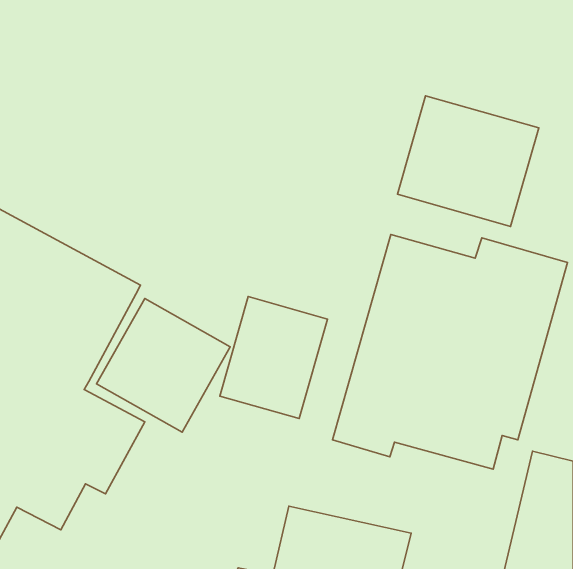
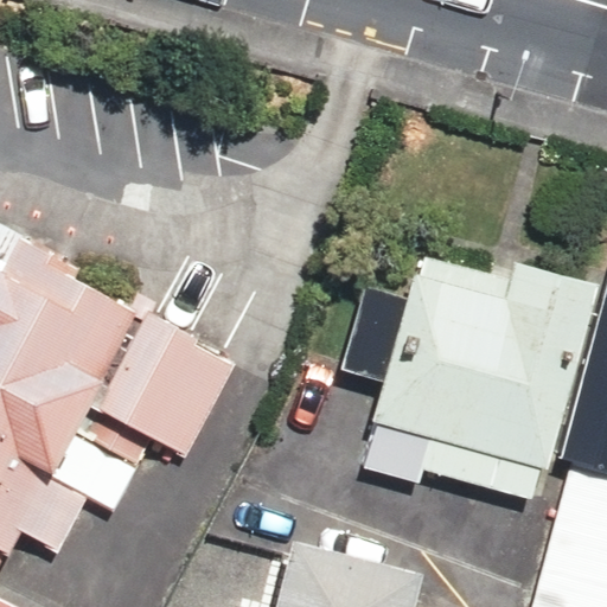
building: [398,96,539,226] -> none
building: [220,297,327,419] -> none

